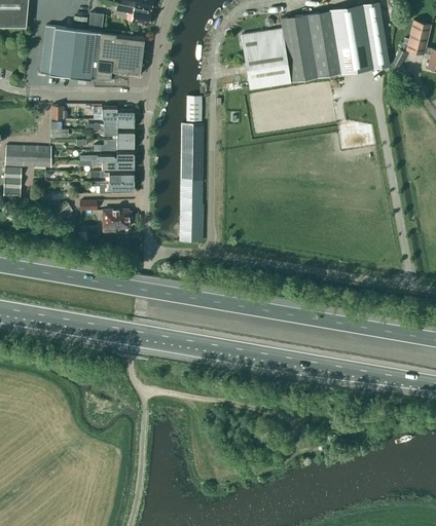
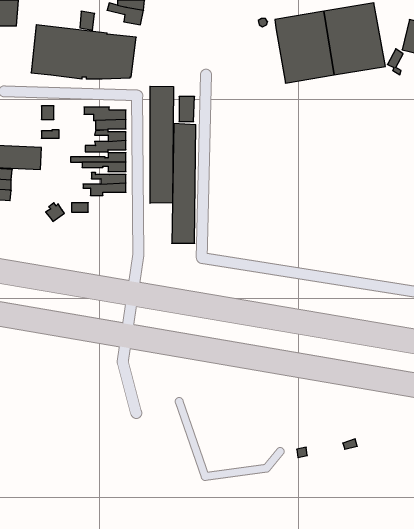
building: [241,28,291,89] -> none
building: none -> [150,86,173,203]
building: [103,209,132,231] -> none

